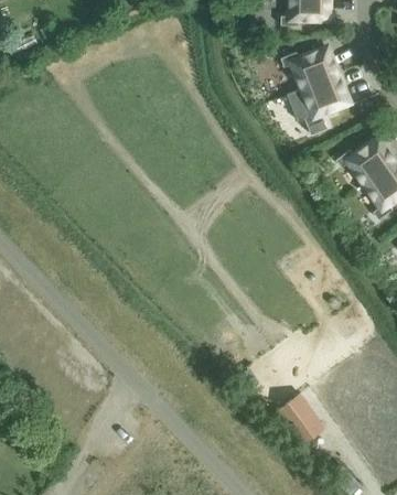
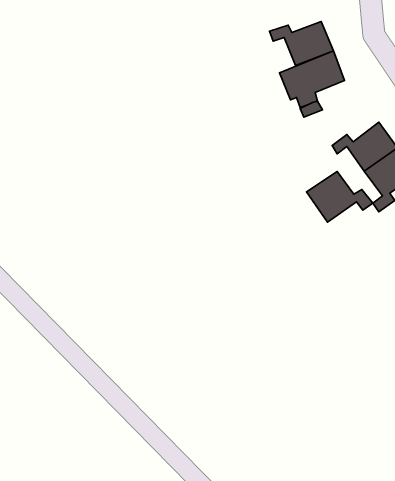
building: none -> [307,171,373,222]
building: [276,394,323,444] -> none

